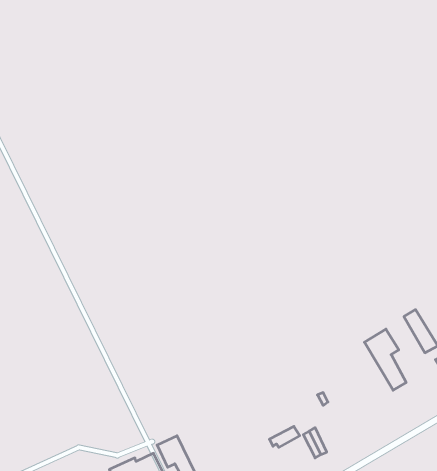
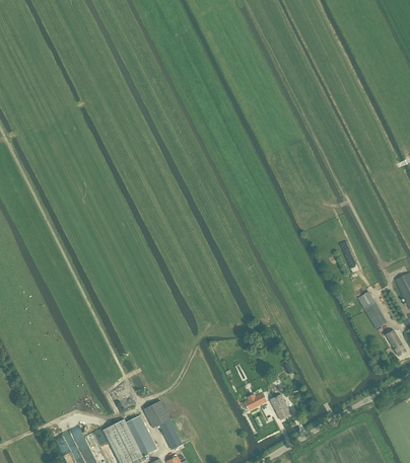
building: [364,329,406,390] -> none

